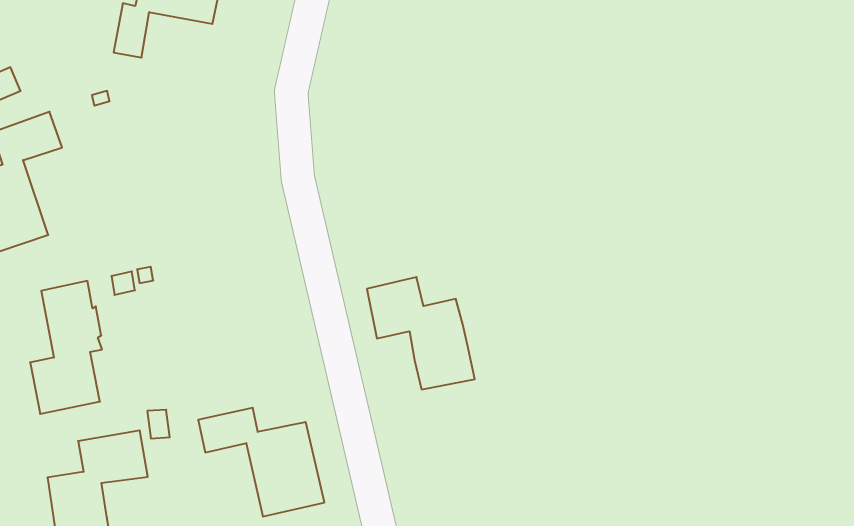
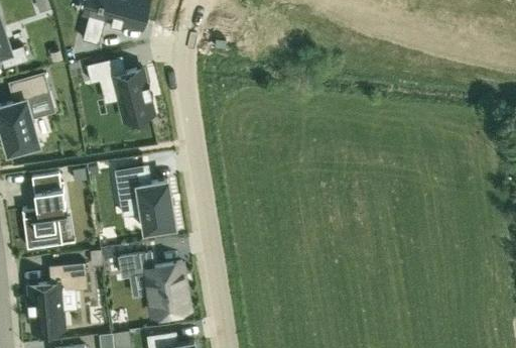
building: none -> [86,57,154,122]
building: [367,277,475,389] -> [116,166,175,232]

